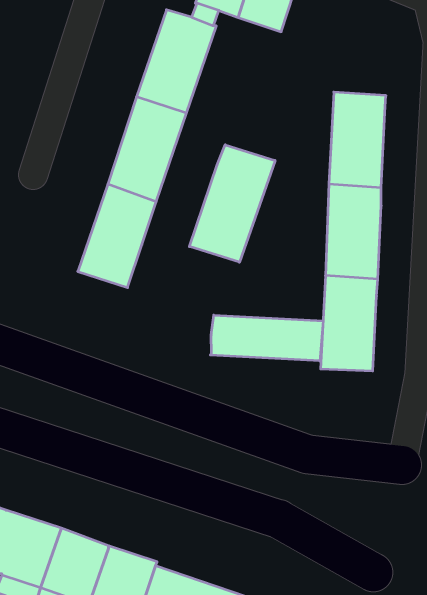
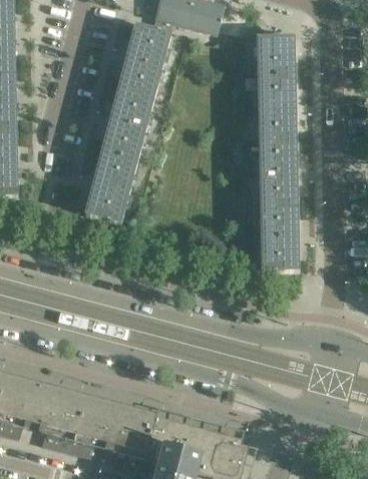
building: none -> [256,37,294,75]
building: [189,145,275,262] -> none
building: [210,315,323,361] -> none

